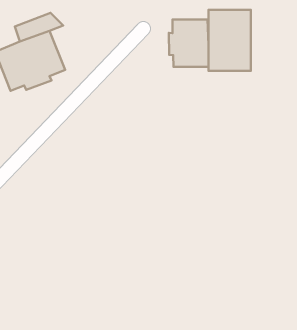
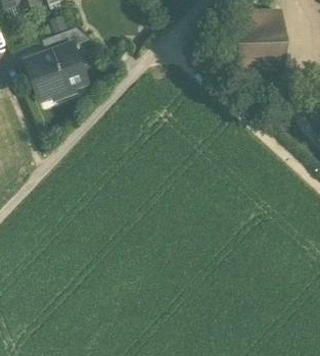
building: [169,19,209,67] -> none

